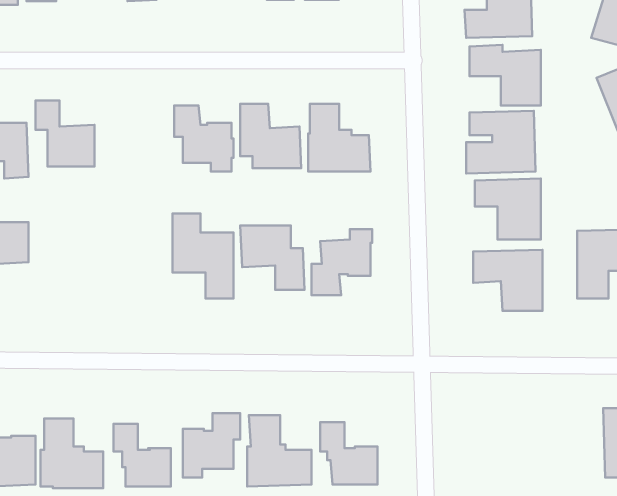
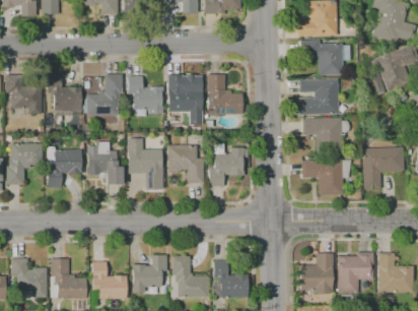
building: none -> [86,74,123,115]
building: none -> [87,141,123,184]
building: none -> [47,149,82,188]
building: none -> [338,252,374,293]
building: none -> [301,253,334,293]

